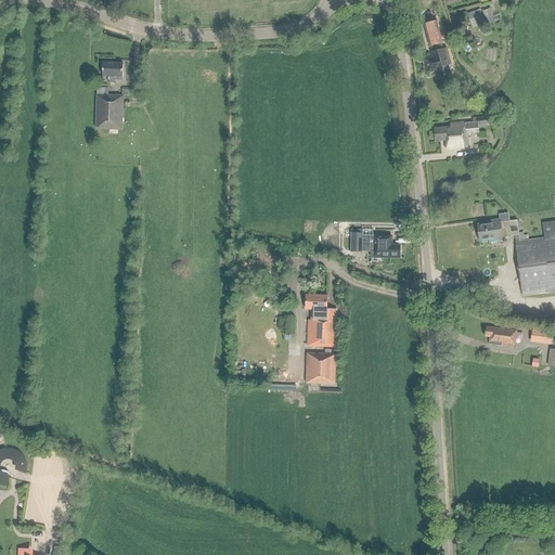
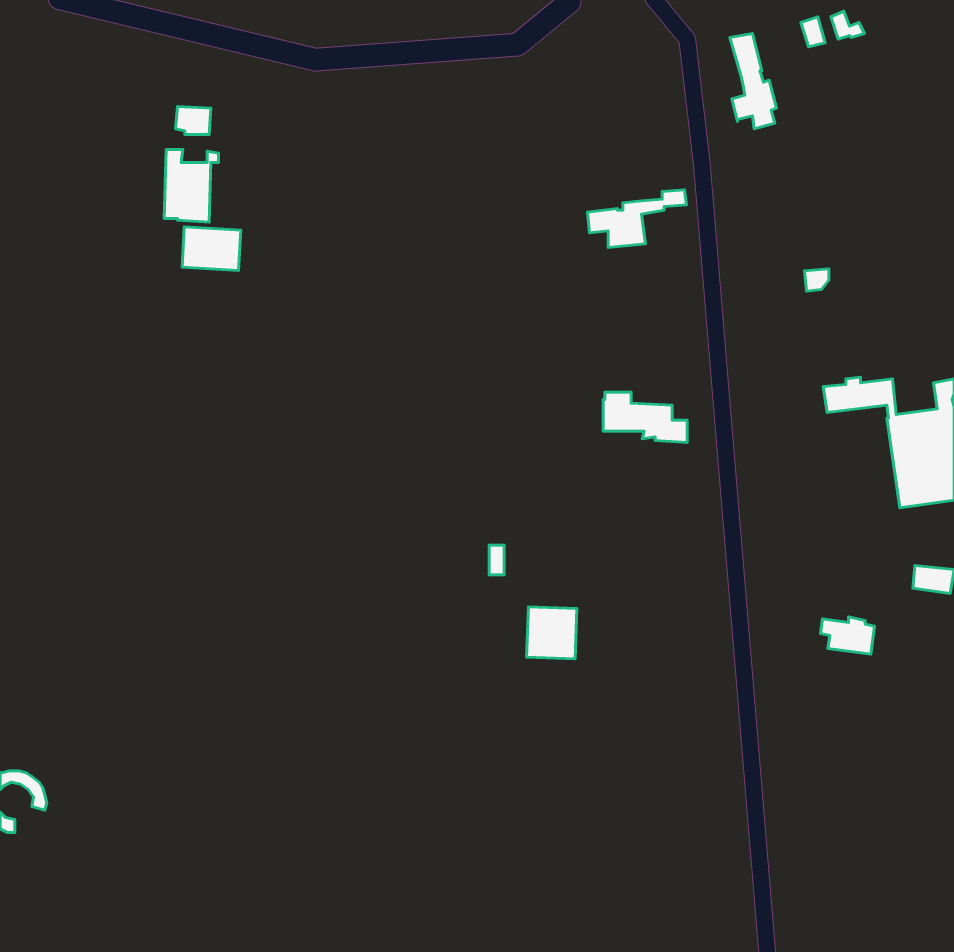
building: [434,116,491,150] -> [587,190,686,248]
building: none -> [182,227,241,271]
building: [305,295,336,347] -> none
building: [485,325,516,347] -> [820,617,875,654]

